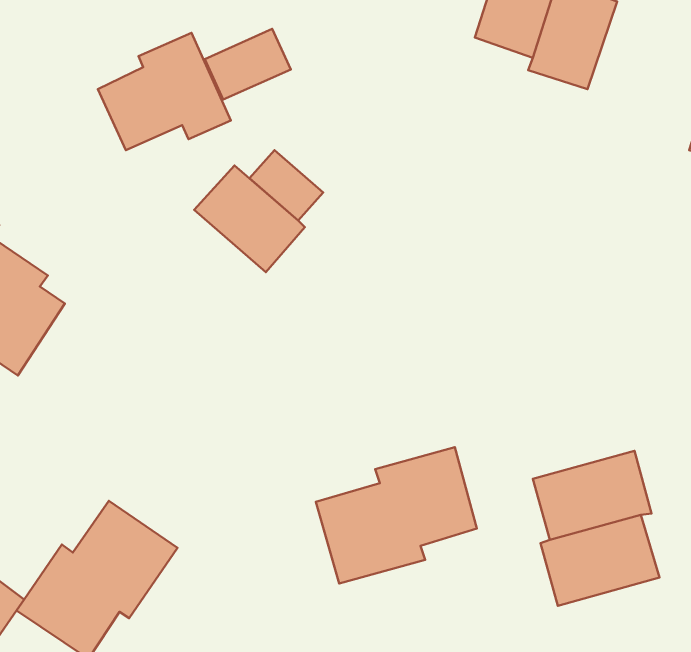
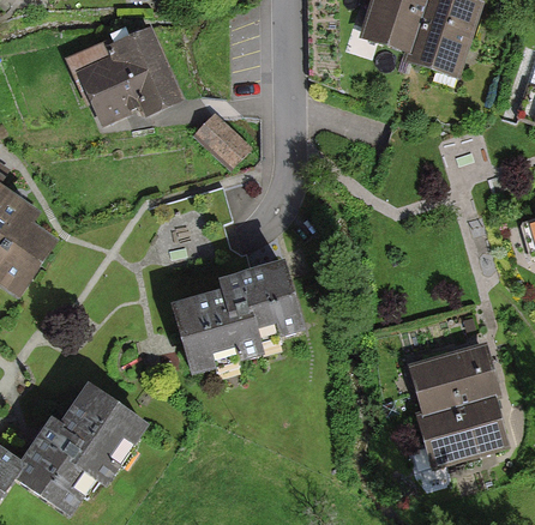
building: [205,29,291,100] -> none
building: [194,165,305,272] -> none
building: [316,447,477,583] -> [174,261,297,366]

